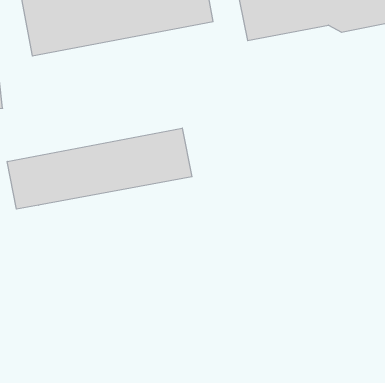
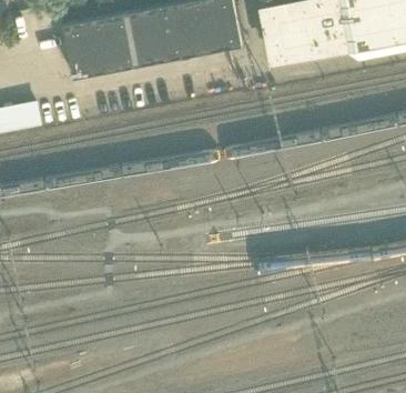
building: [7,128,192,209] -> none

